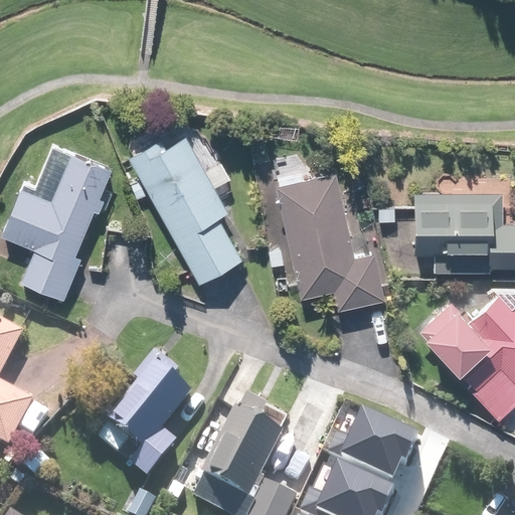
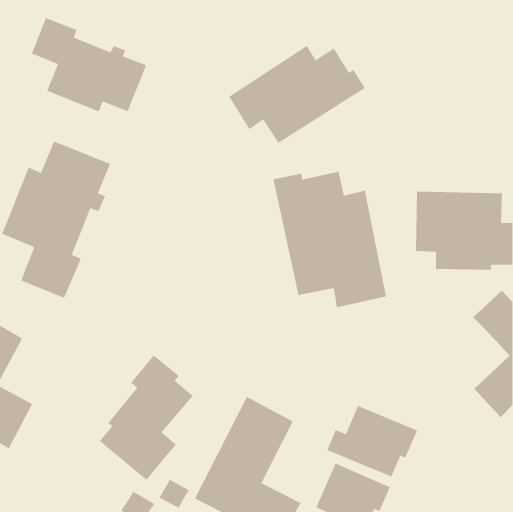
building: none -> [31,17,147,112]
building: none -> [228,45,366,144]
building: [125,136,243,285] -> none
building: [416,298,494,375] -> none

